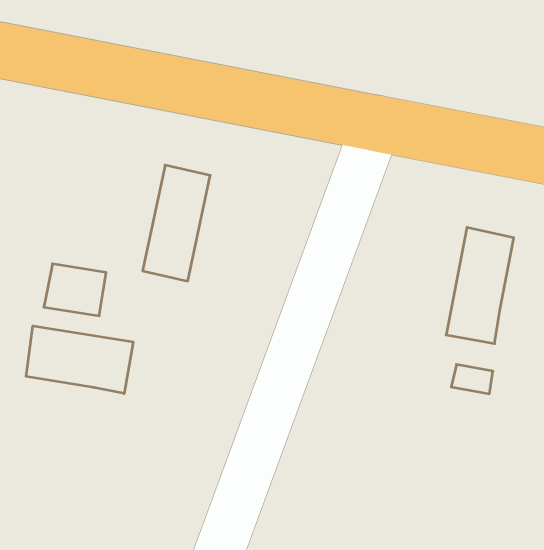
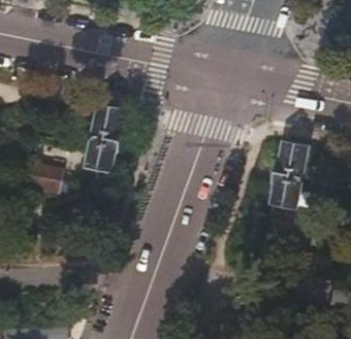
building: [26,326,133,394] -> none

